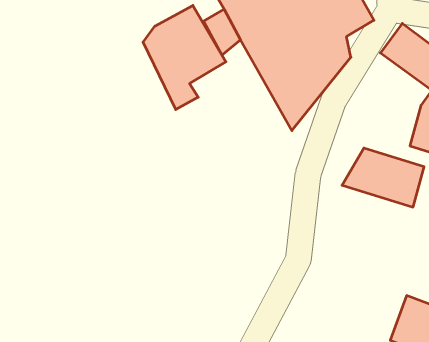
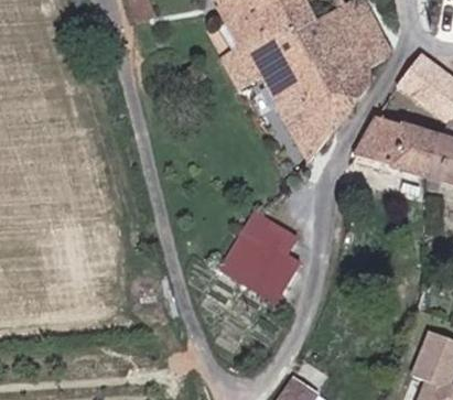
building: [143,5,226,110] -> none
building: [342,148,424,207] -> [355,116,438,175]
building: none -> [219,206,302,301]

